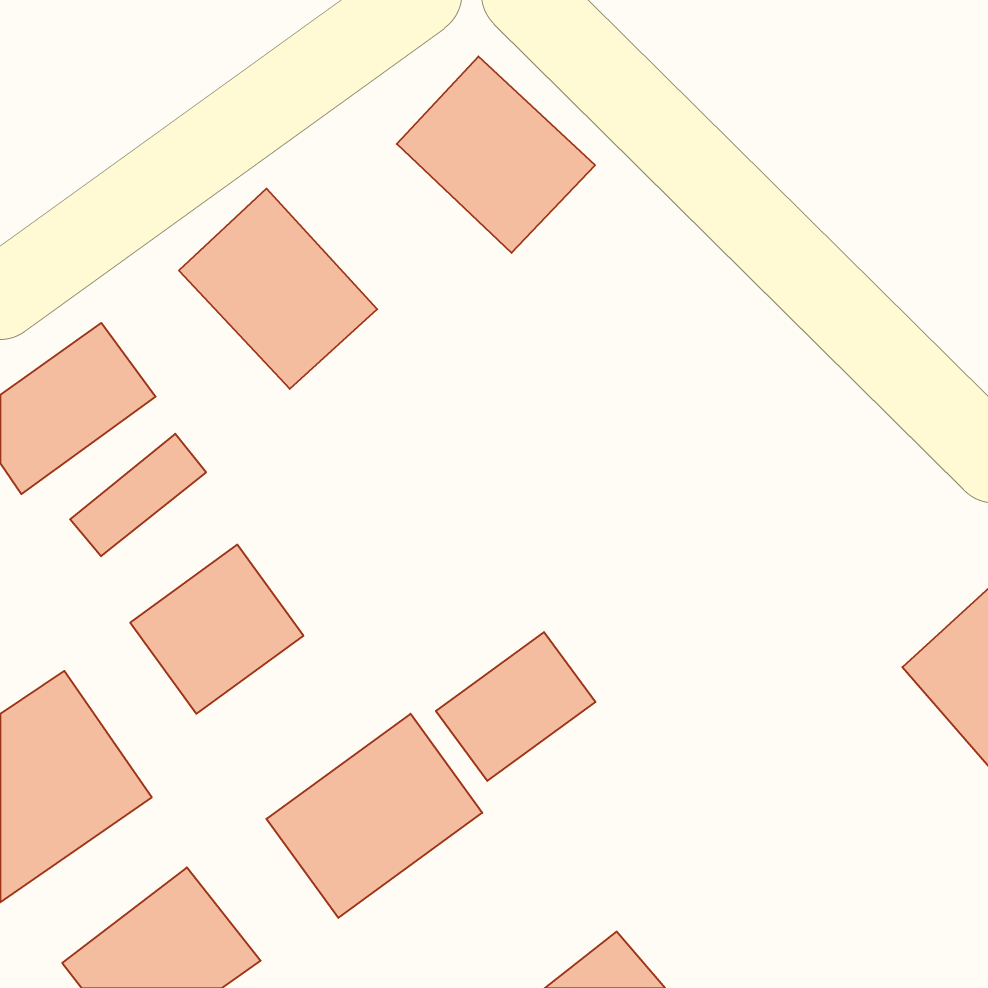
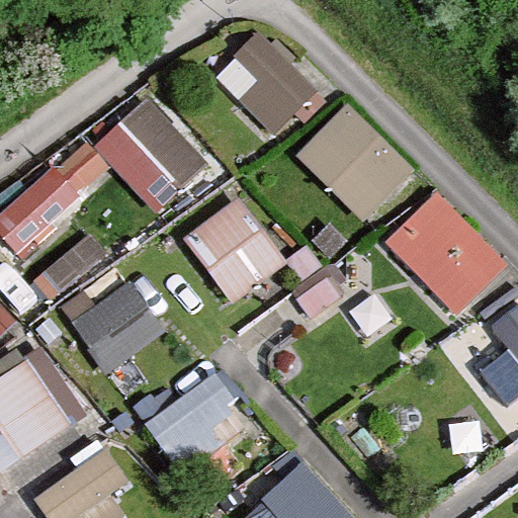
building: none -> [291,103,410,221]
building: none -> [391,195,510,315]
building: none -> [188,203,278,297]
building: [436,632,595,781] -> none

